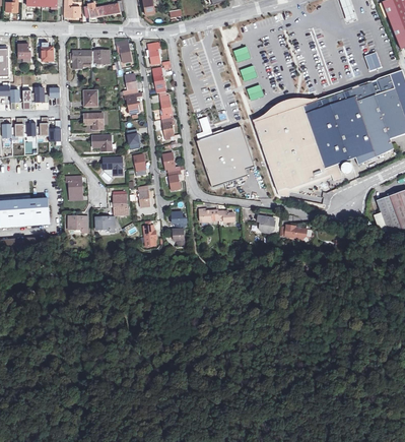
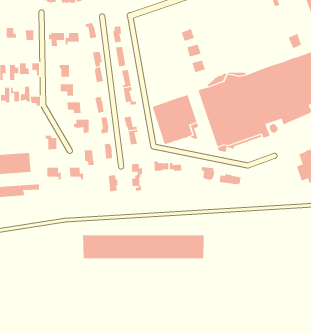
building: none -> [83,235,204,259]

